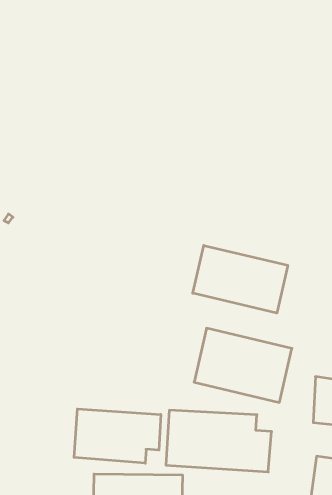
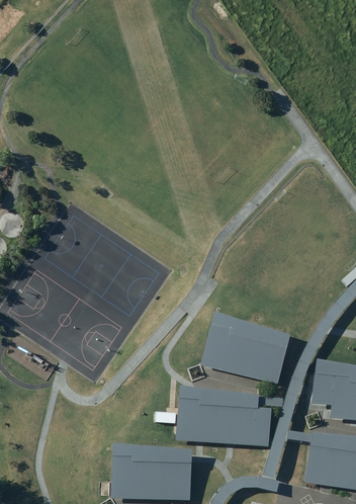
building: [193,245,288,313] -> none
building: [74,409,161,463] -> none

